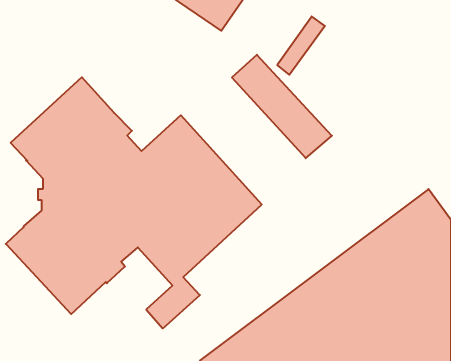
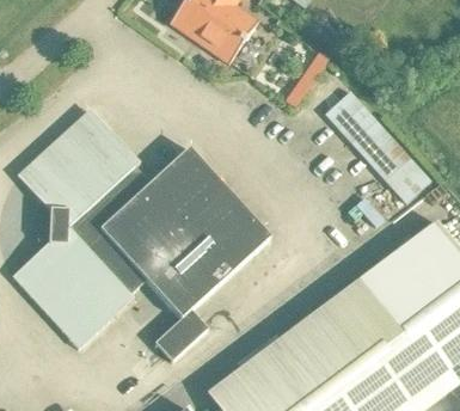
building: [232,55,332,158] -> [330,98,430,202]

